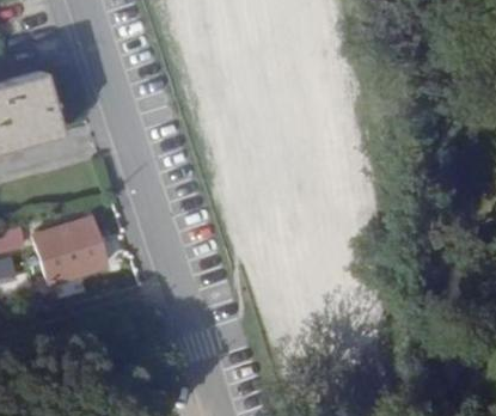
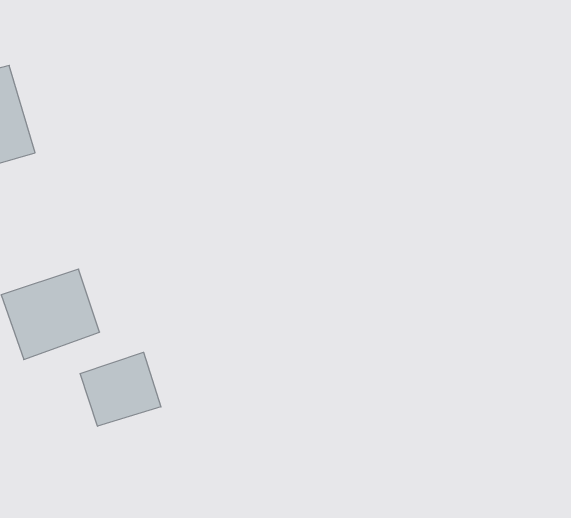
building: none -> [80,352,161,426]

